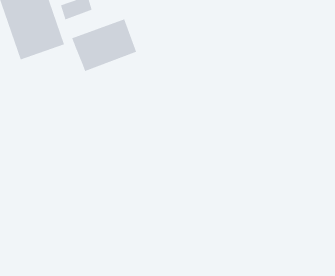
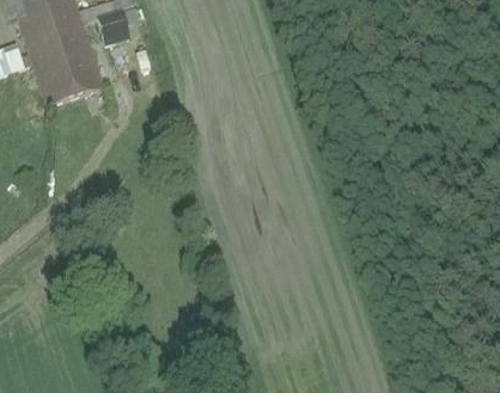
building: [71,18,137,72] -> none

